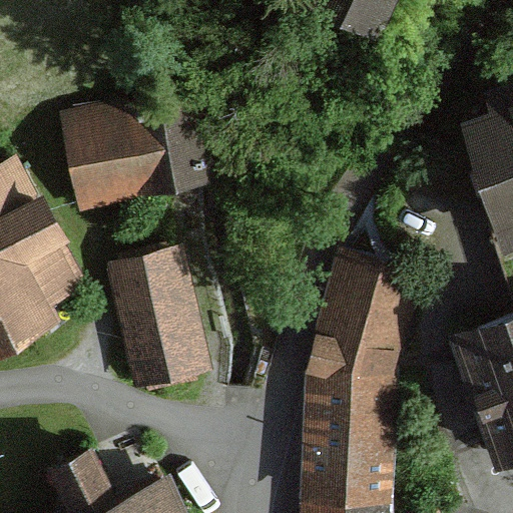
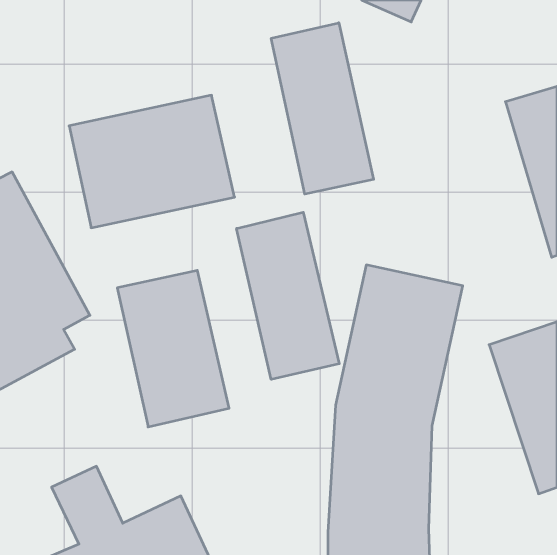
building: none -> [271,23,374,194]
building: none -> [237,212,339,379]

